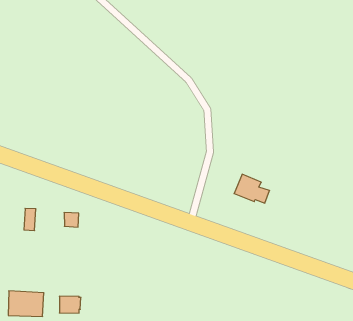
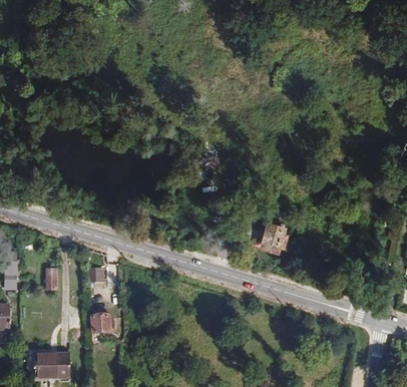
building: [59,296,81,313] -> [89,317,111,335]

